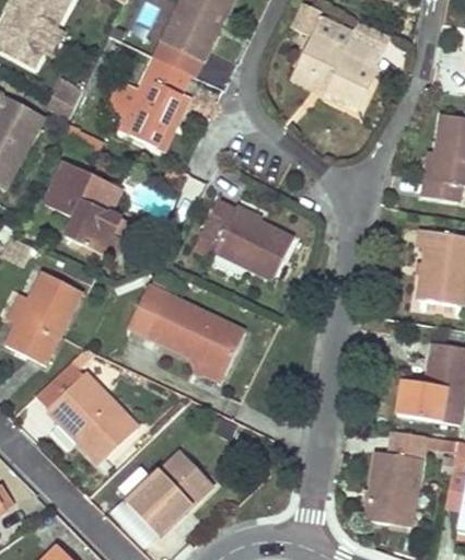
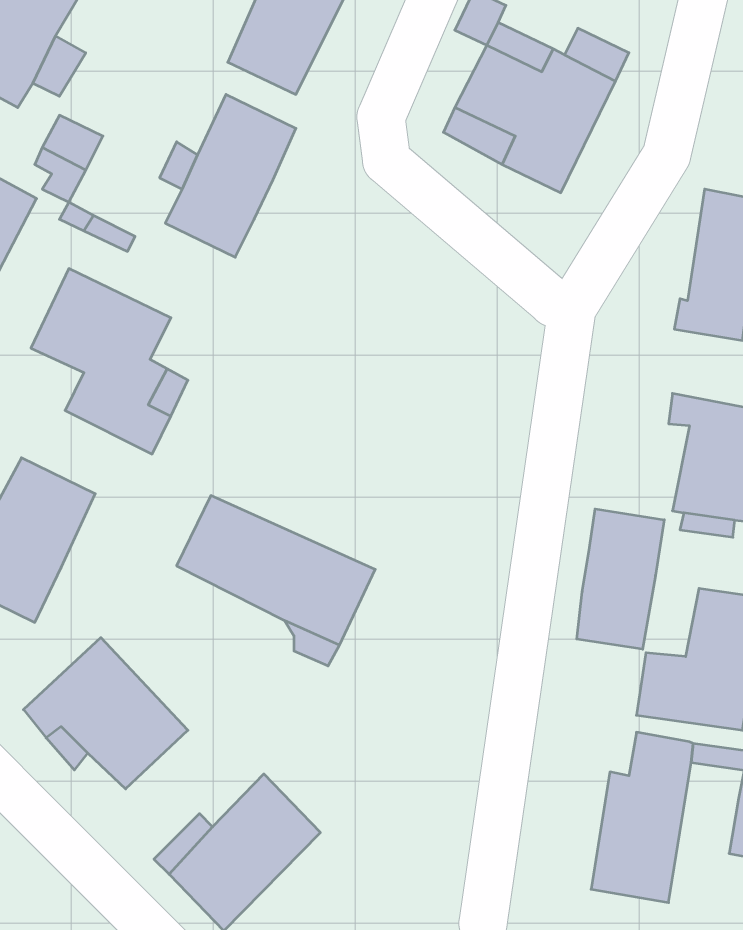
building: [197,200,291,281] -> none
building: none -> [577,509,664,649]

